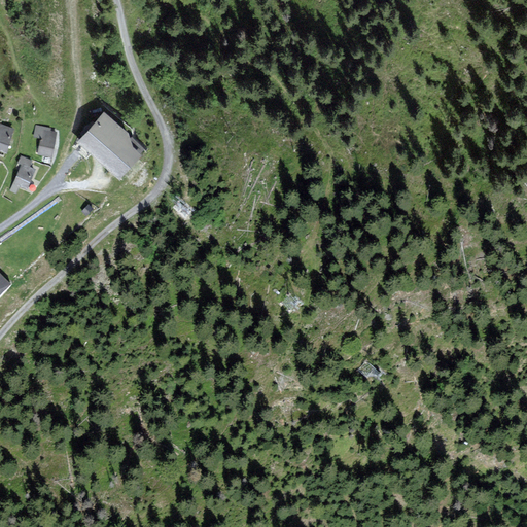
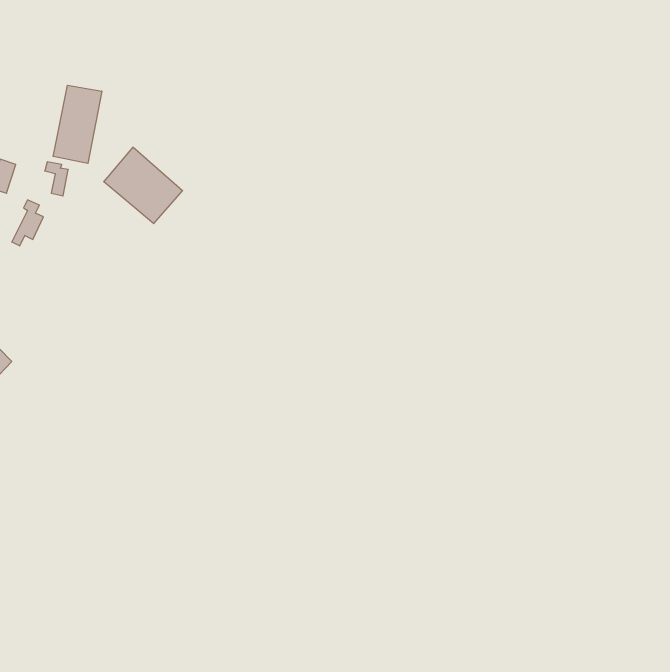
building: none -> [53,85,102,163]

